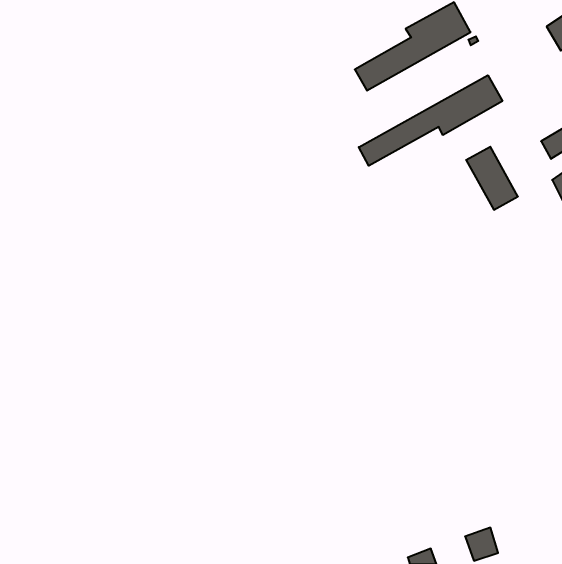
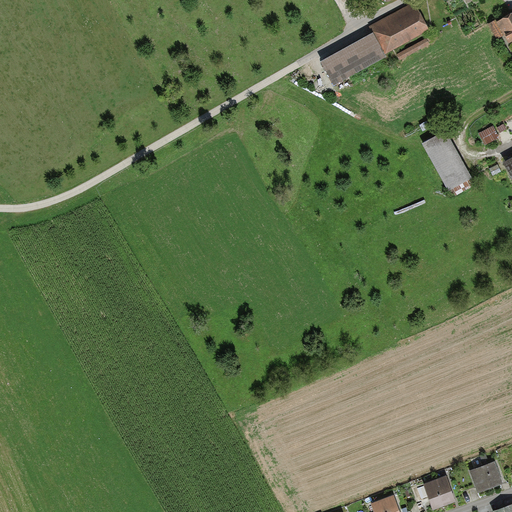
building: [359,75,502,166] -> none
building: none -> [470,462,501,490]

